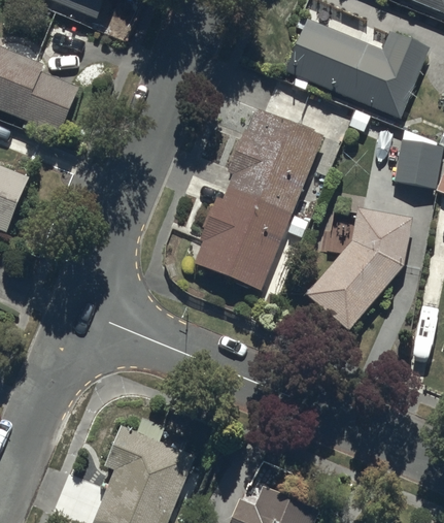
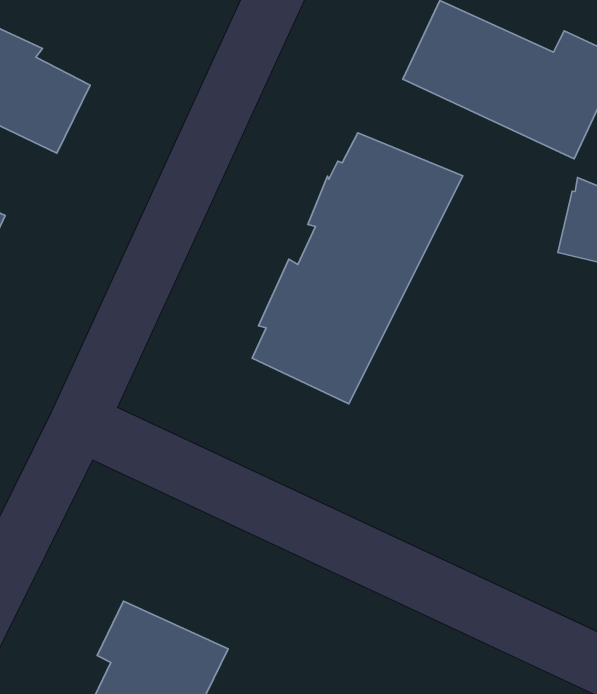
building: [305,208,412,329] -> none

